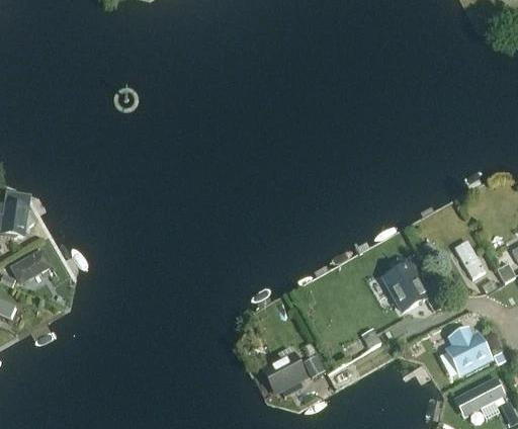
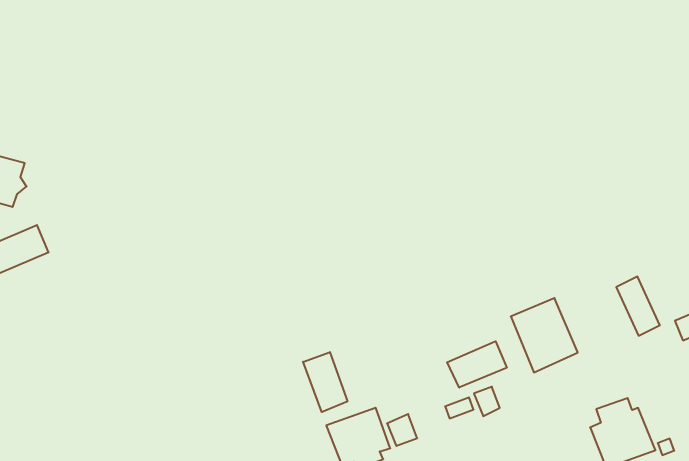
building: none -> [447,341,507,388]
building: none -> [303,352,347,412]

